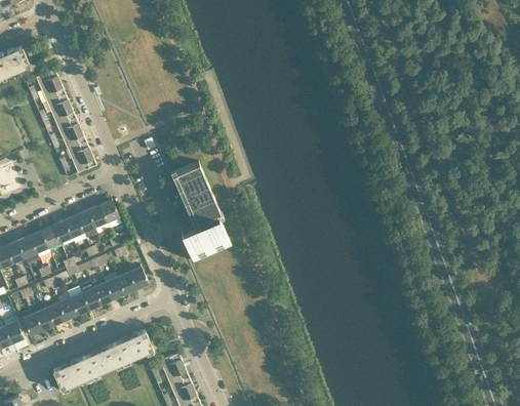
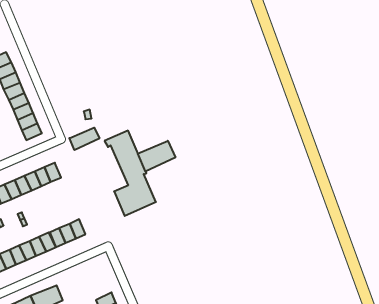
building: none -> [69,128,99,150]
building: none -> [138,141,175,171]
building: [113,331,153,363] -> none

